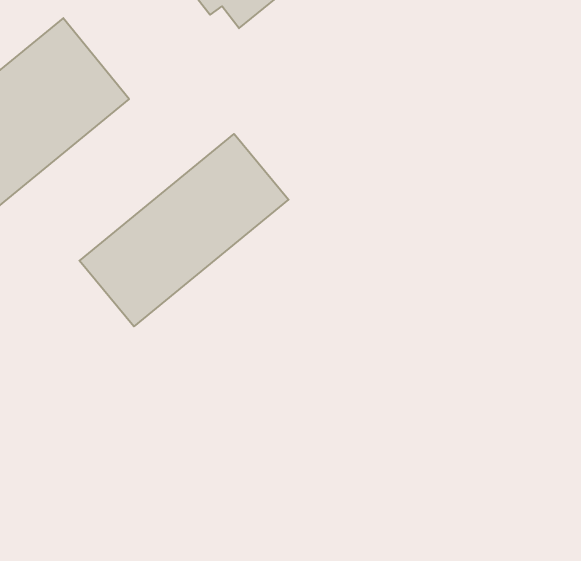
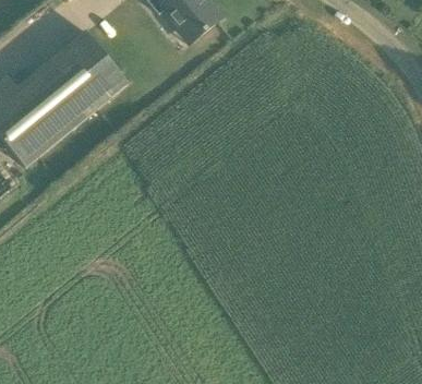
building: [79,134,289,326] -> none

